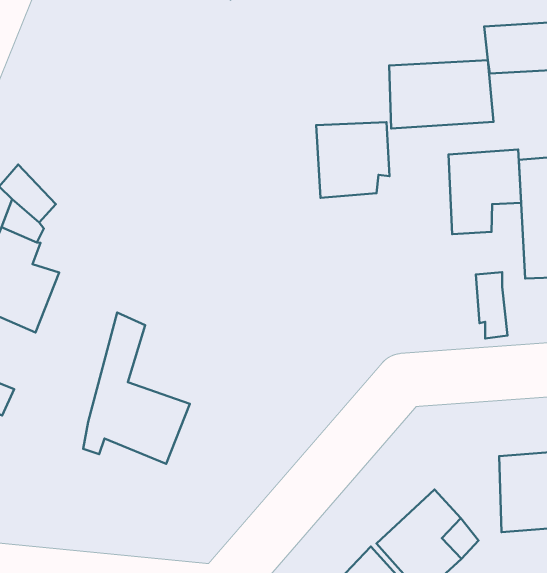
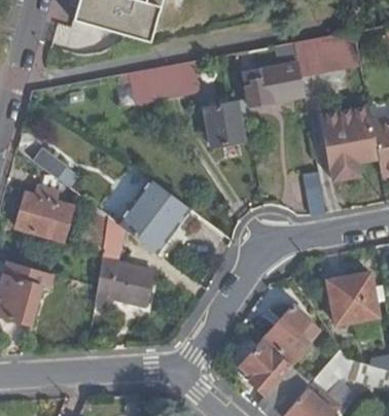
building: none -> [133,61,198,103]
building: [448,149,521,234] -> none
building: none -> [115,177,190,253]

